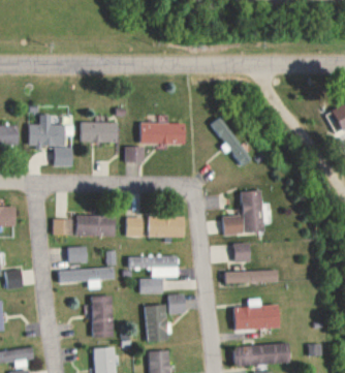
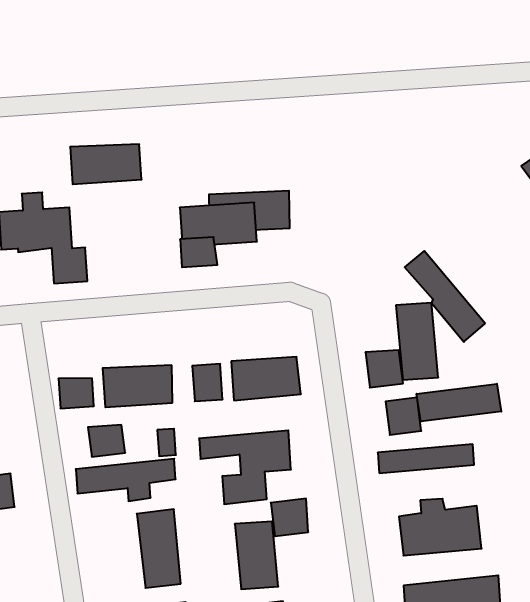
building: [209,117,251,168] -> [405,251,485,342]
building: [80,122,118,143] -> [70,144,142,184]
building: none -> [417,384,501,422]

